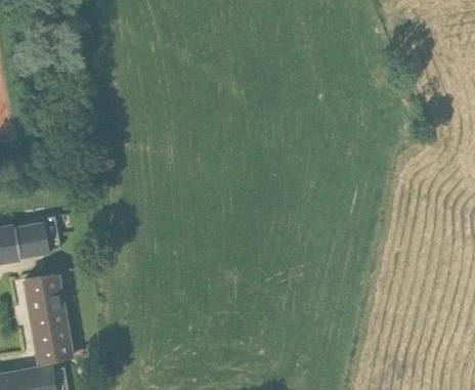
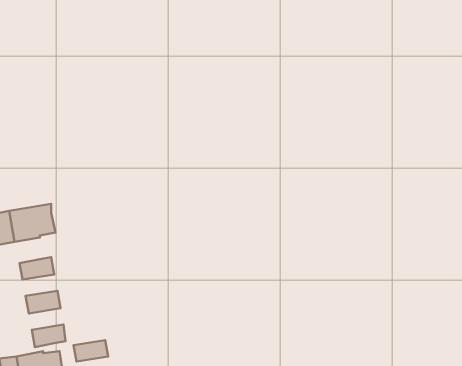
building: [27,291,61,312] -> none
building: [33,324,68,346] -> [73,340,108,362]

